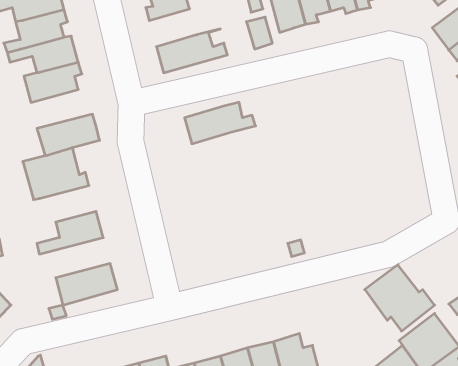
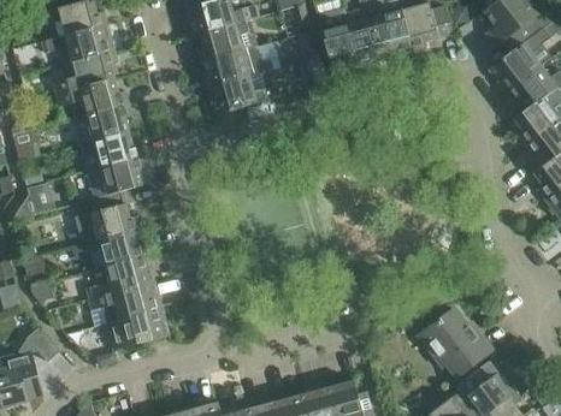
building: none -> [81,131,143,171]
building: [185,102,256,144] -> [201,46,273,88]
building: none -> [89,228,147,266]
building: none -> [89,281,161,322]

